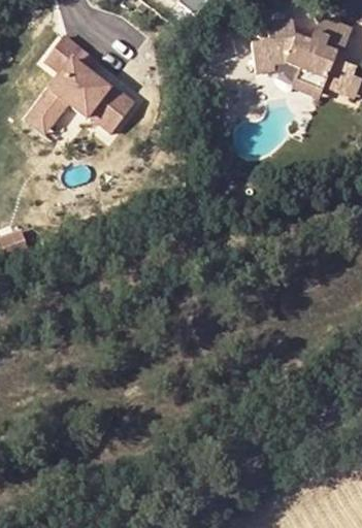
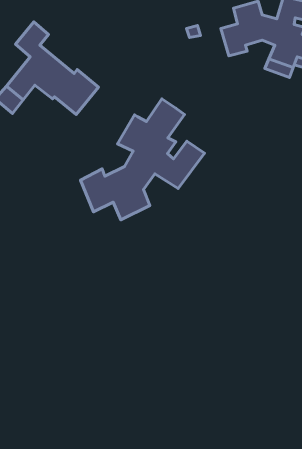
building: none -> [81,99,205,220]

